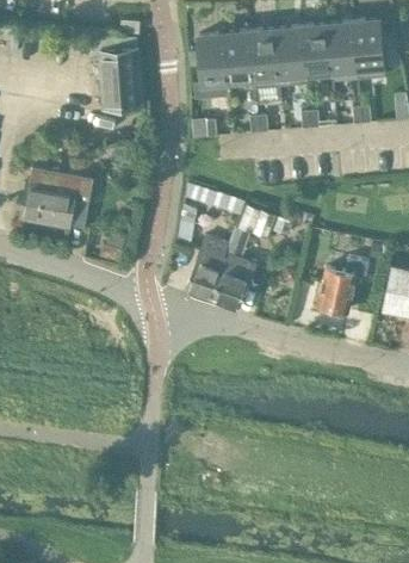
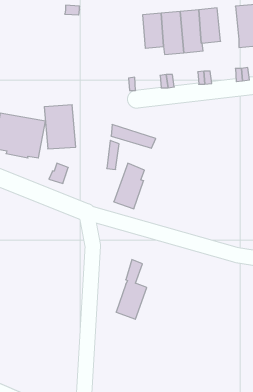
building: [327,23,357,70] -> none
building: [198,35,229,82] -> none
building: [99,49,142,109] -> [44,105,76,149]
building: [213,227,255,308] -> [116,260,147,319]
building: [317,259,368,314] -> none

